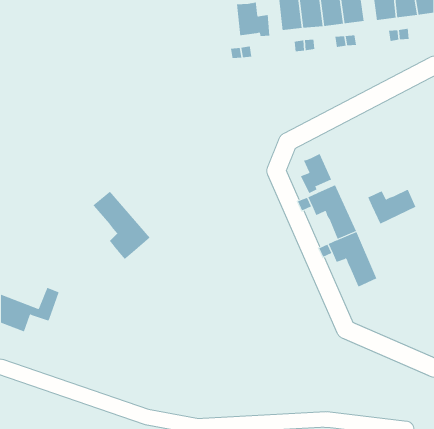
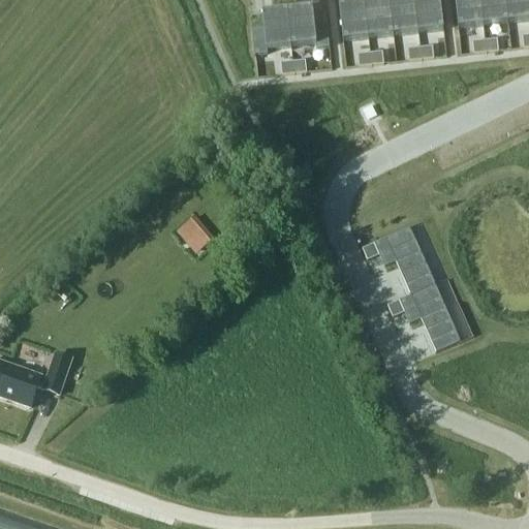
building: none -> [251,5,291,52]
building: [300,153,332,194] -> none
building: none -> [178,214,215,251]
building: [367,189,416,225] -> none
building: [93,191,151,260] -> none

